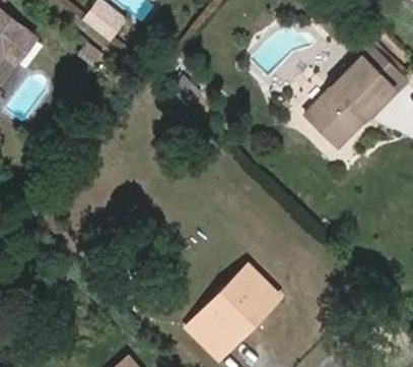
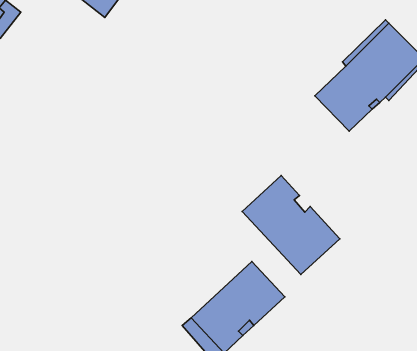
building: none -> [242,176,340,274]

